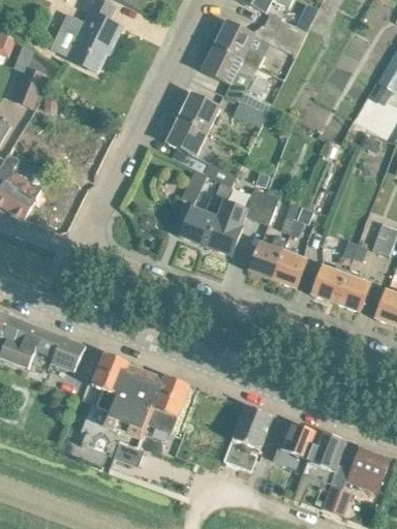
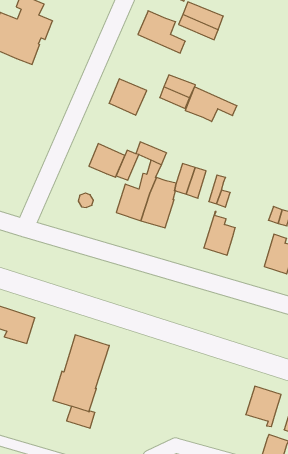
building: [202,45,257,84] -> [185,87,237,122]
building: [166,118,206,155] -> [89,144,125,177]
building: [247,236,285,279] -> none
building: [311,264,347,303] -> none
building: [87,351,129,434] -> none
building: [146,375,189,433] -> none
building: [223,404,272,470] -> none
building: [280,422,317,468] -> none

